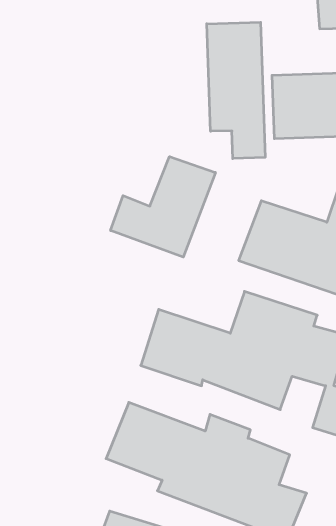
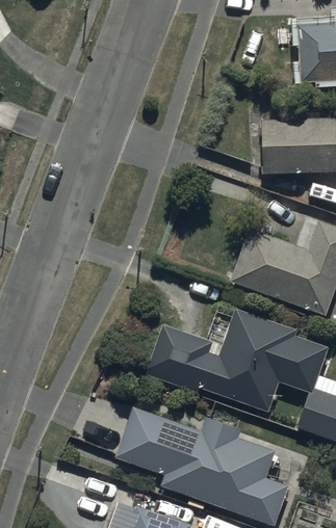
building: [207,22,265,159] -> none
building: [111,157,215,257] -> none

